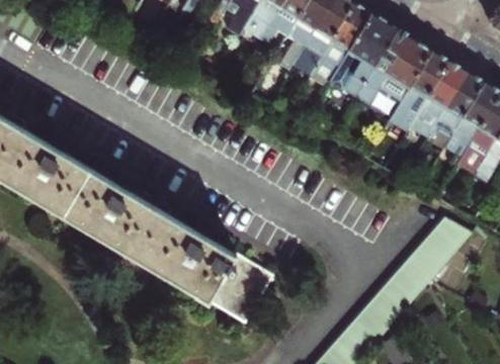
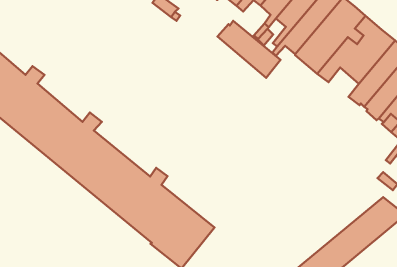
building: none -> [217,21,281,78]

